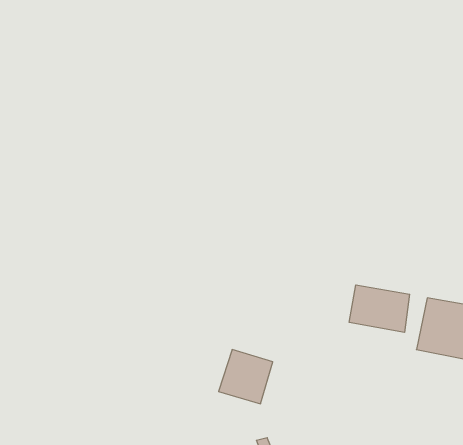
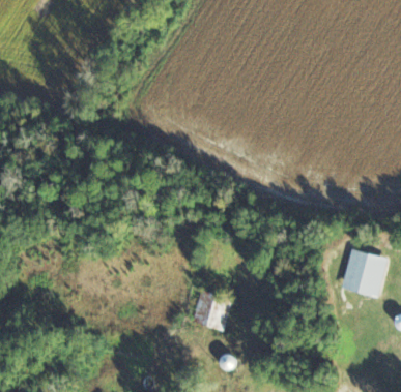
building: [349,285,410,332] -> none

